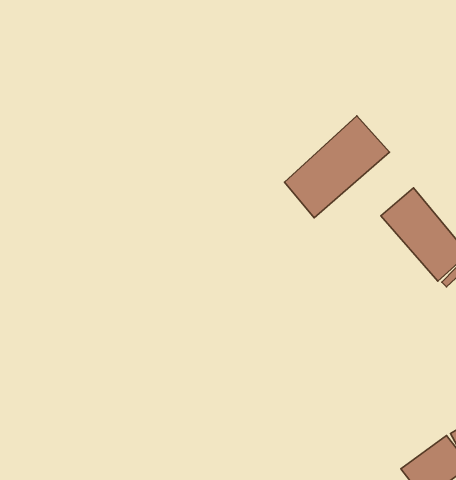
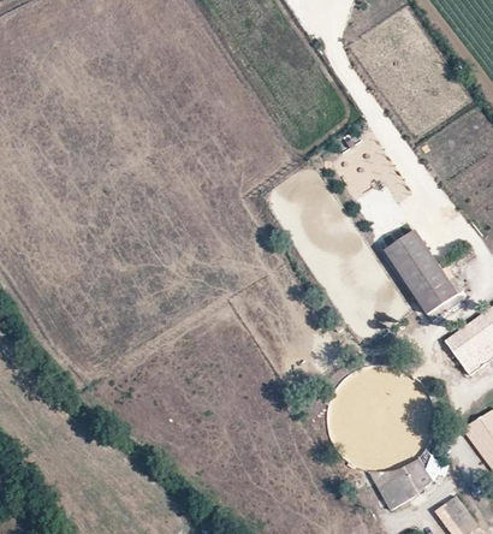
building: [285,116,390,218] -> none

